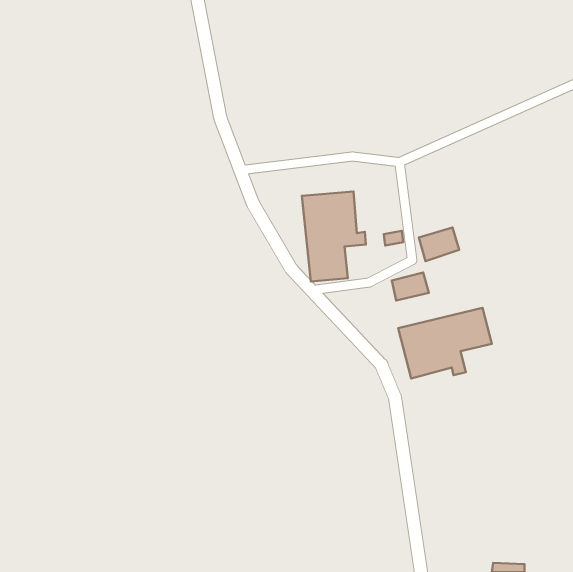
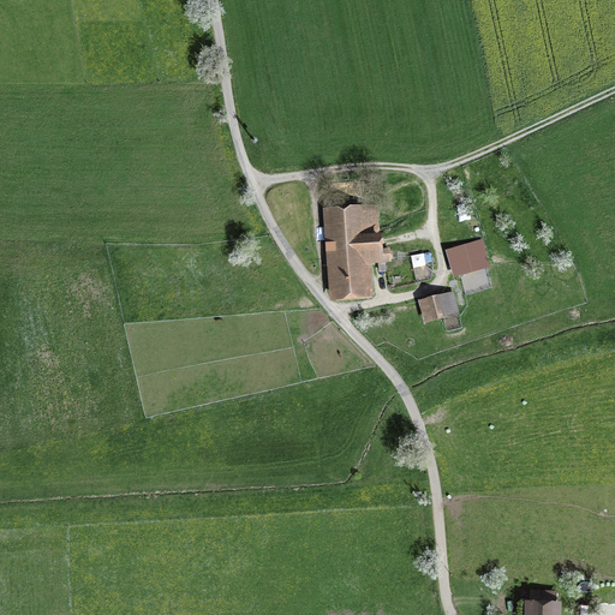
building: [398,308,492,378] -> none

